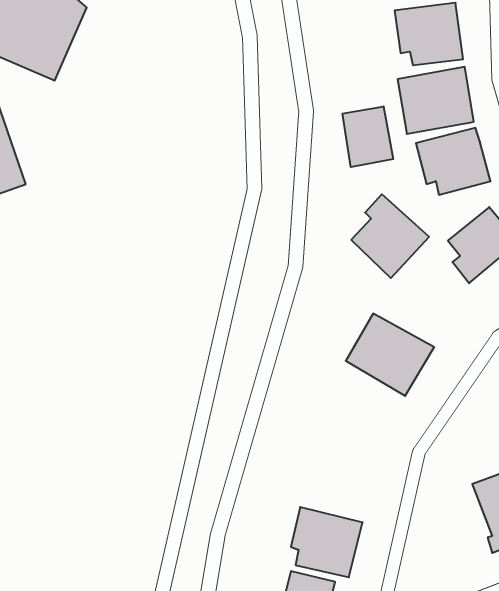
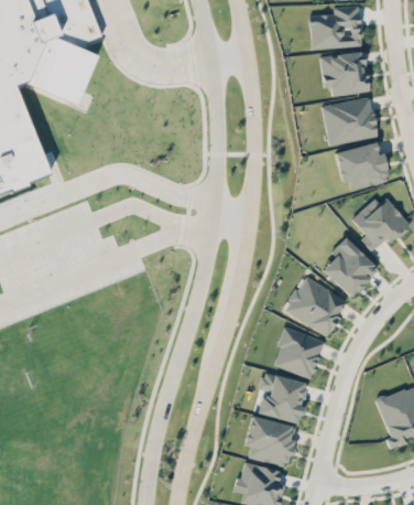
building: [343,106,393,167] -> none
building: [351,194,429,278] -> [323,237,379,298]
building: none -> [273,326,325,378]
building: none -> [258,373,306,422]

